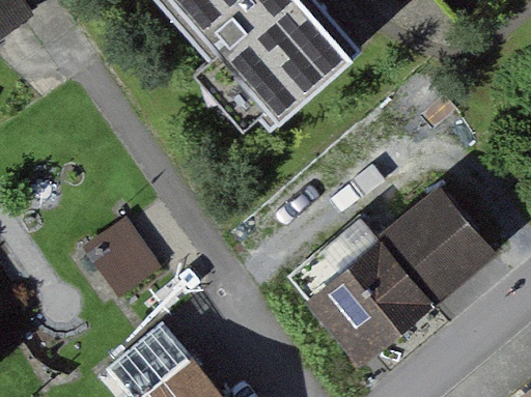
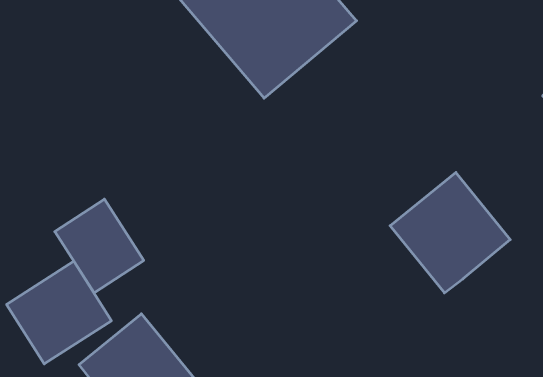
building: [292,219,434,362] -> none
building: none -> [7,261,111,364]

